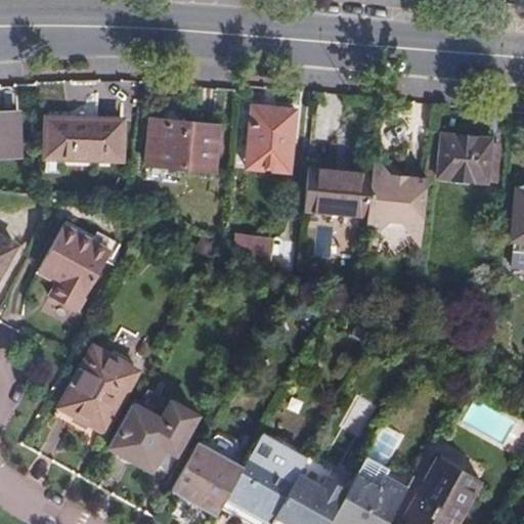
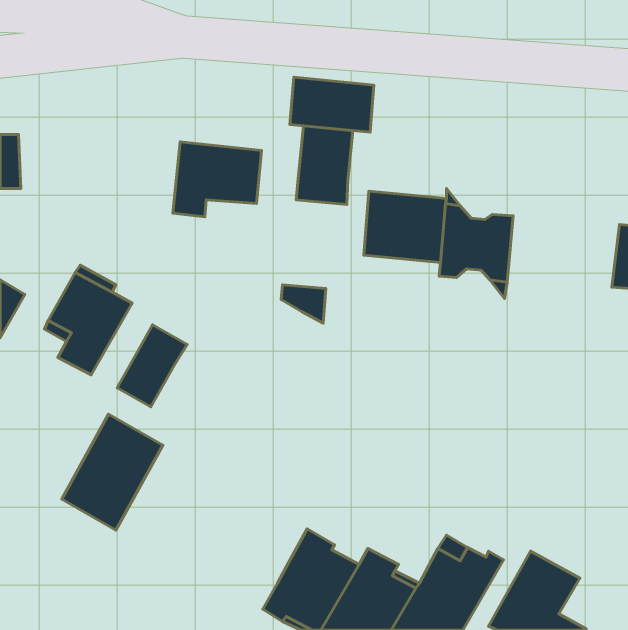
building: none -> [290,77,374,132]
building: [45,116,122,164] -> none
building: [437,131,499,181] -> none
building: none -> [117,325,187,407]
building: [115,402,195,475] -> none
building: [171,442,242,515] -> none

